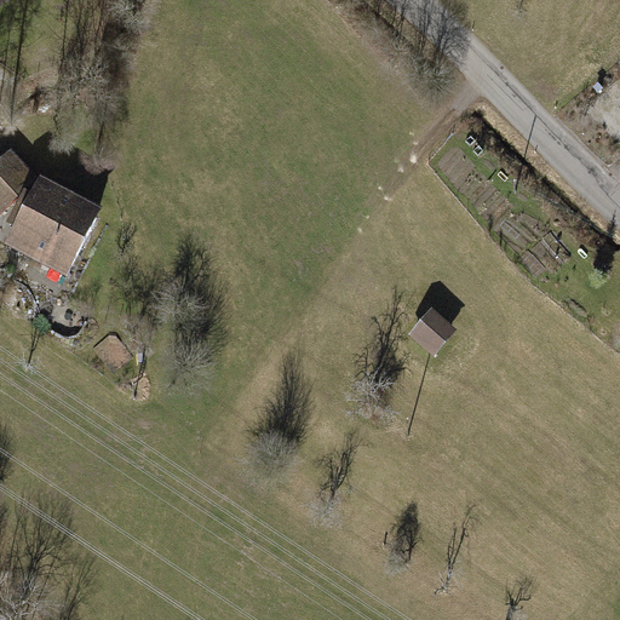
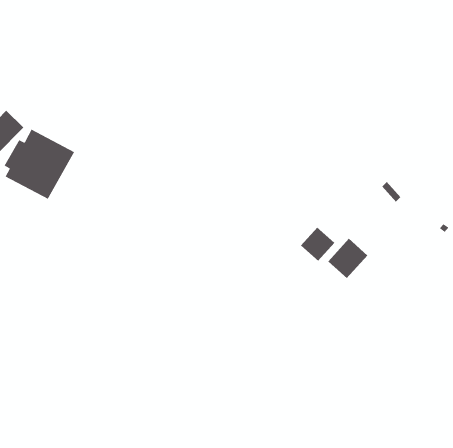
building: none -> [328,238,368,279]

